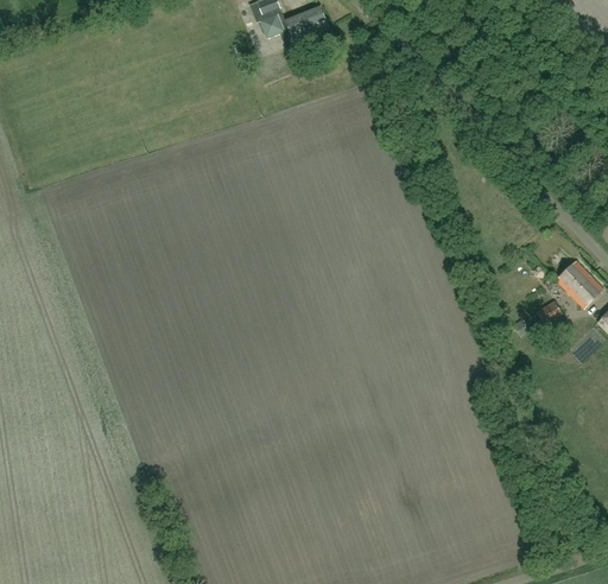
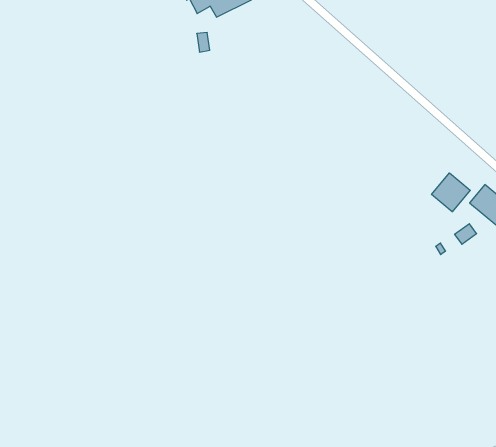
building: none -> [432,173,470,212]

